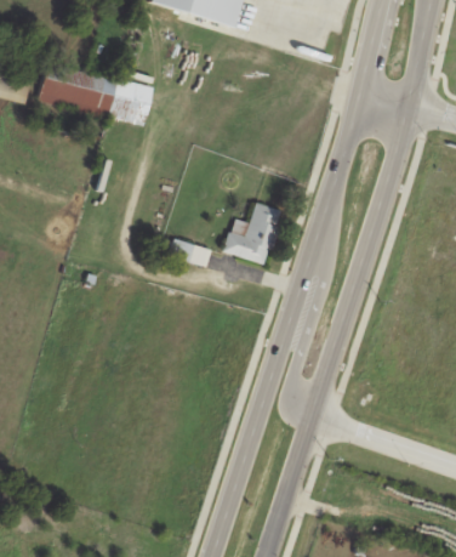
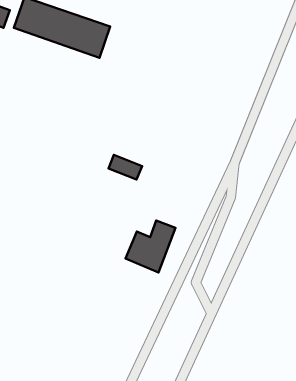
building: [224,203,280,265] -> [126,220,176,272]

